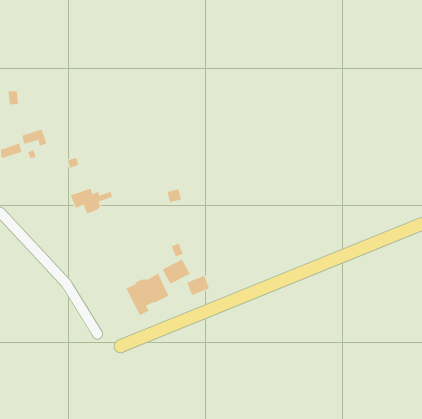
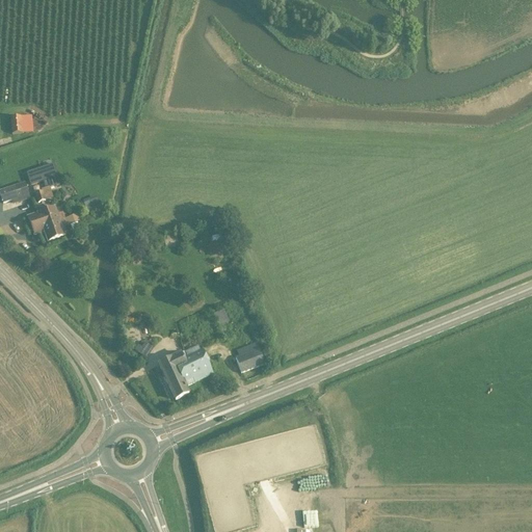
building: [70,188,113,214] -> [27,206,81,239]
building: [162,259,191,285] -> none

